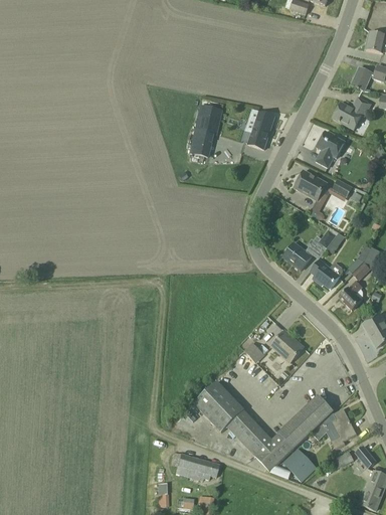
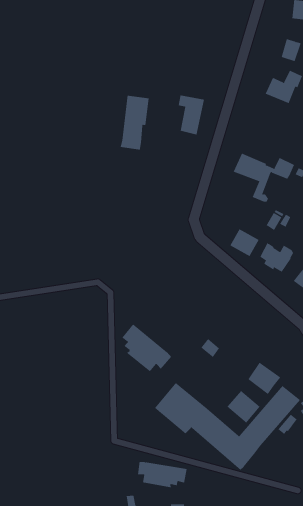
building: [315,130,345,167] -> none
building: none -> [122,323,172,372]
building: [271,330,304,362] -> [247,362,281,395]
building: [283,449,316,481] -> [227,390,261,423]

